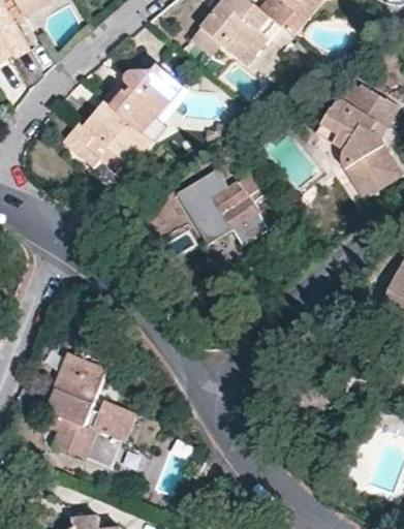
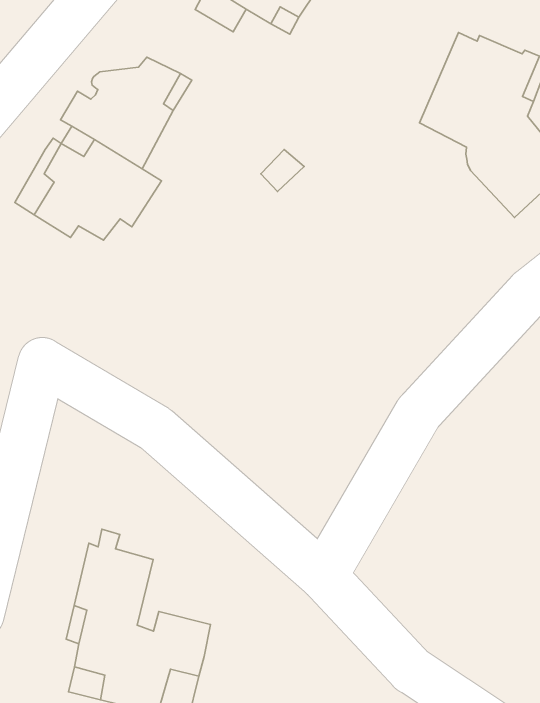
building: [176,169,267,244] -> none

